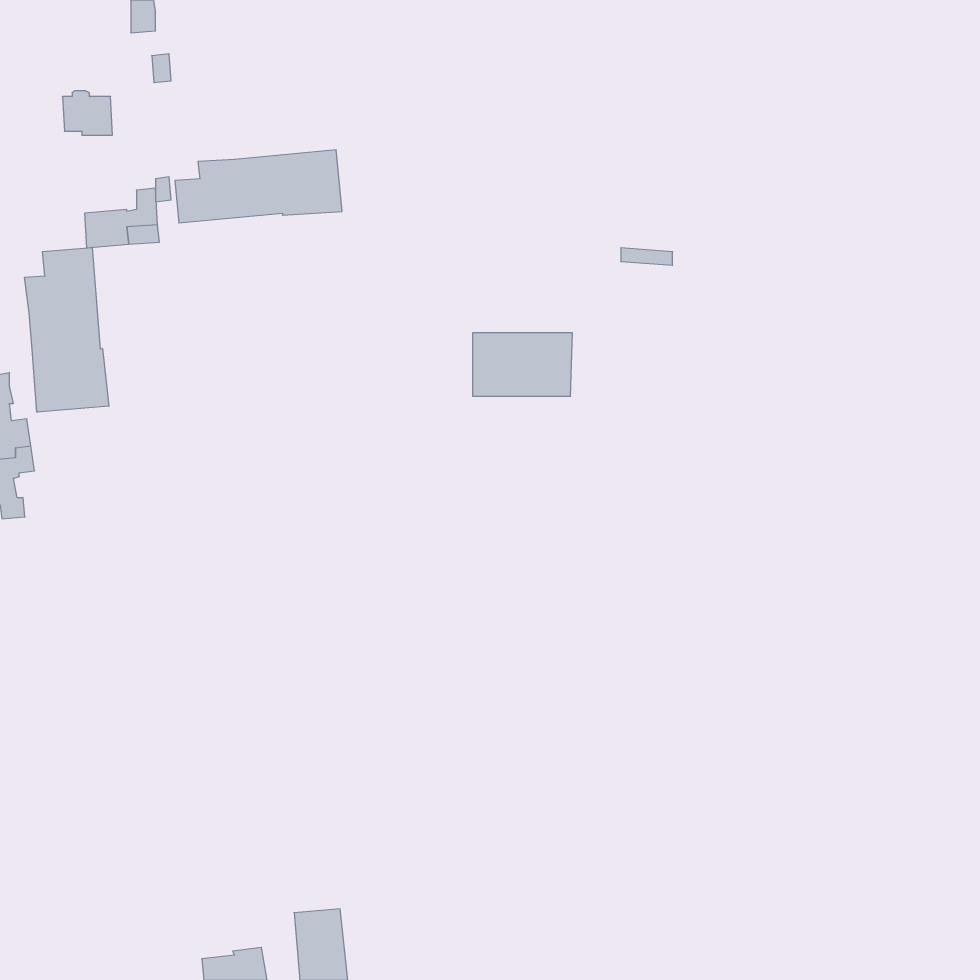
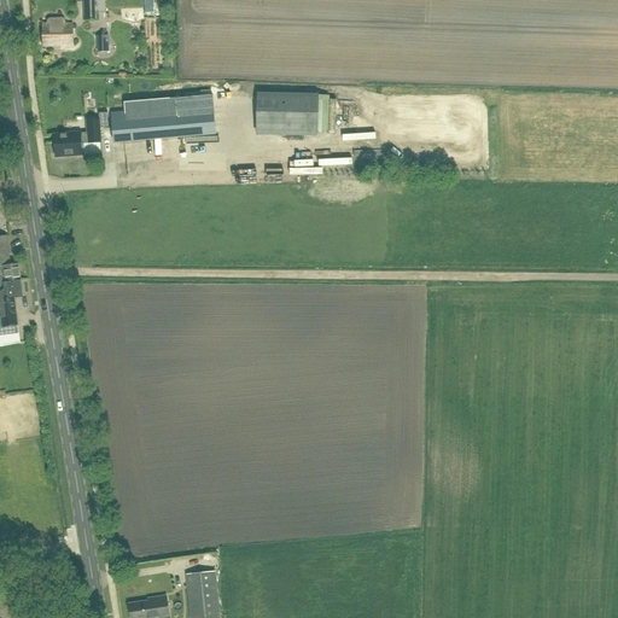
building: [62,91,112,135] -> [41,19,72,47]
building: [25,247,109,412] -> none
building: [473,333,572,396] -> [255,92,317,132]

